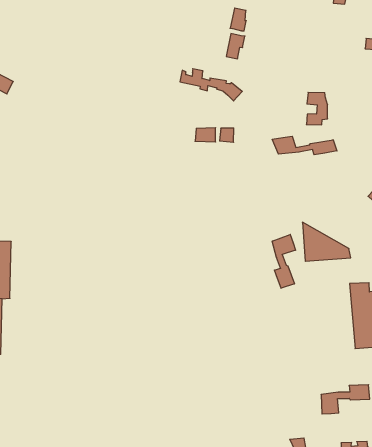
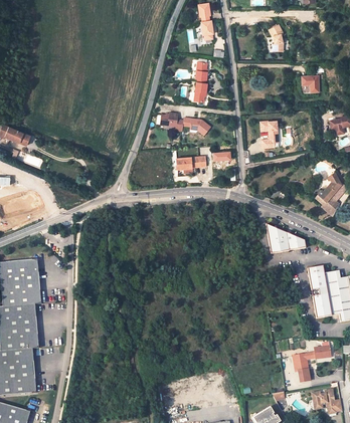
building: [272,136,337,155] -> none
building: [272,234,296,288] -> none

